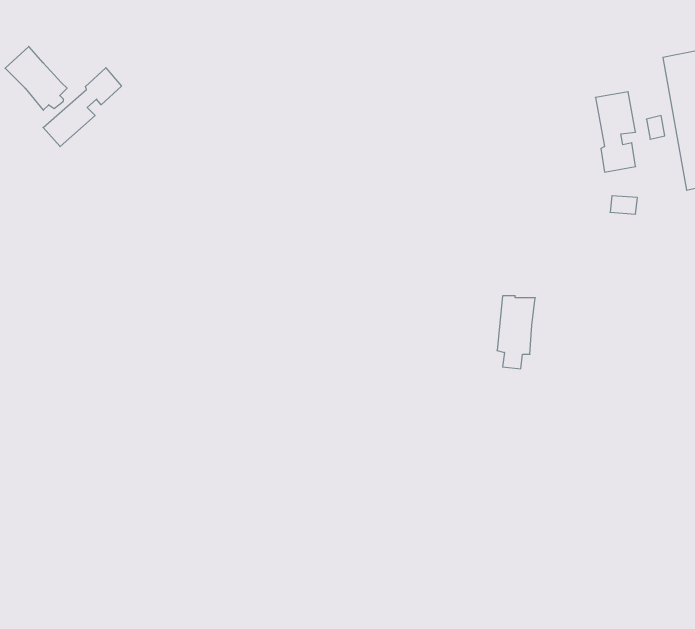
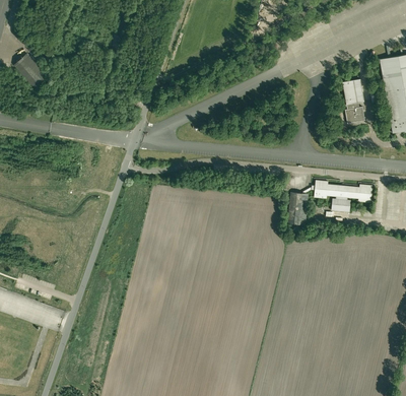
building: [43,68,121,147] -> none
building: none -> [302,181,371,212]

